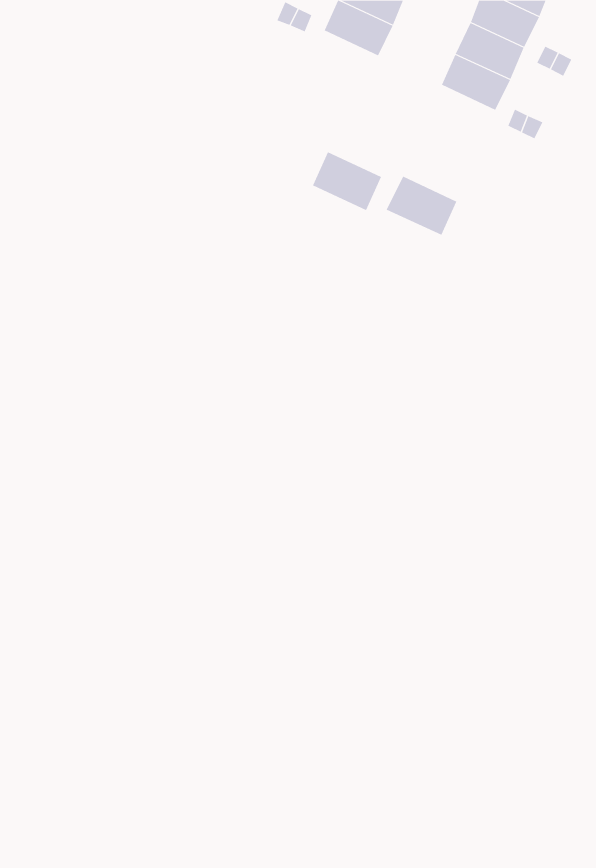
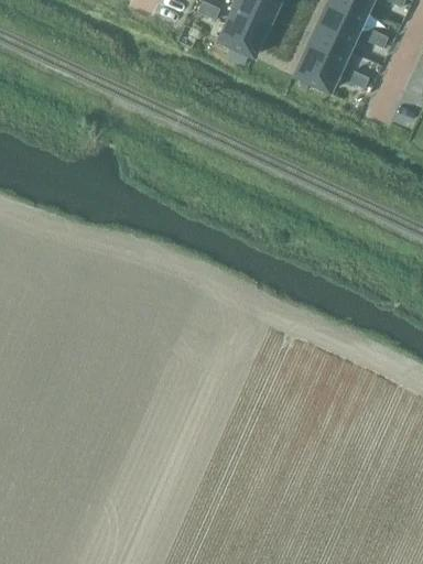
building: [312,151,382,211] -> [218,20,263,58]
building: [386,176,457,235] -> [293,55,339,94]

